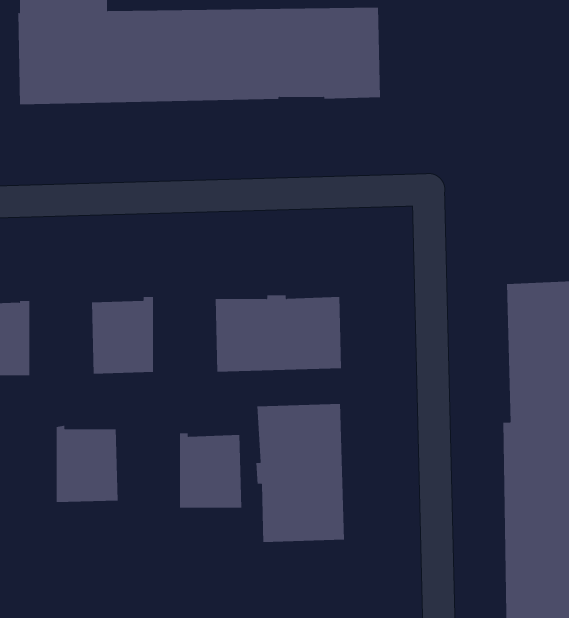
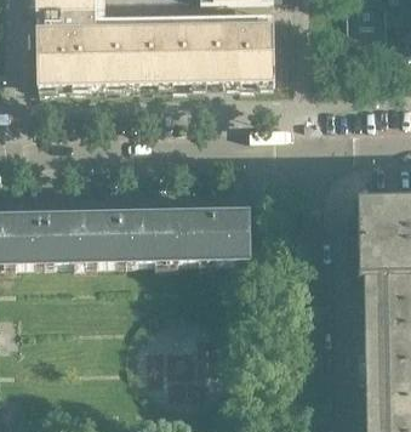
building: [256,403,344,543] -> none
building: [56,425,118,503] -> [45,211,86,262]
building: [179,433,242,508] -> [126,210,167,260]

